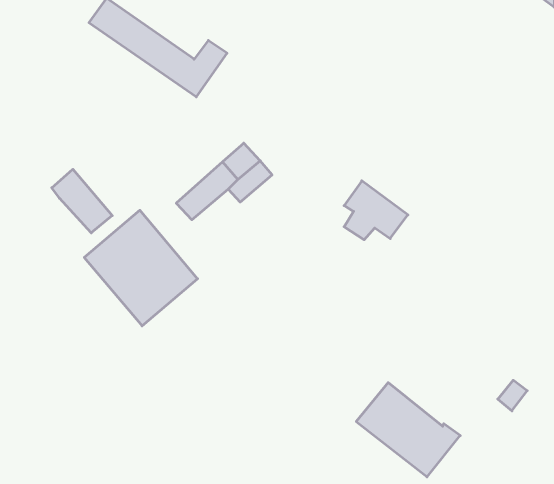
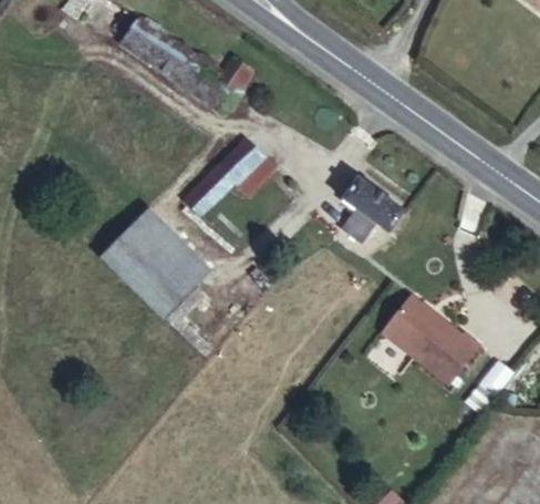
building: [52,169,112,233] -> none
building: [356,383,460,477] -> [384,297,481,385]

